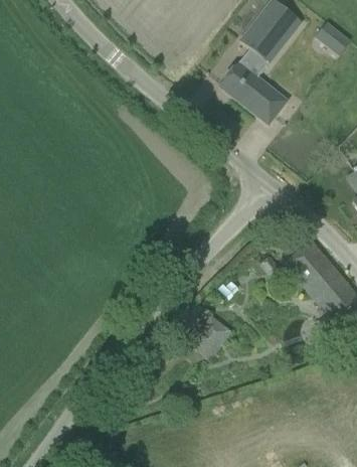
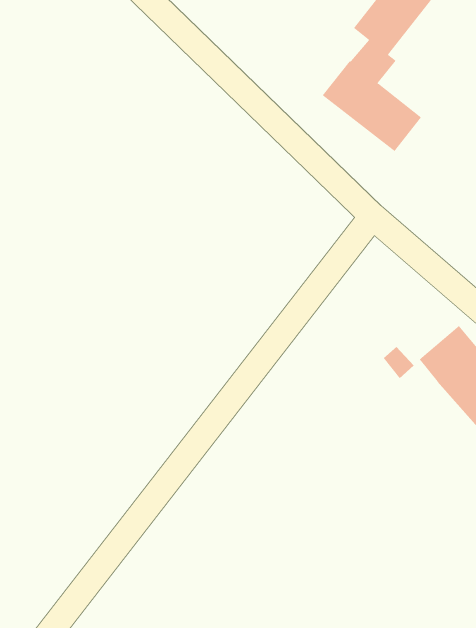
building: [194,316,231,354] -> none

